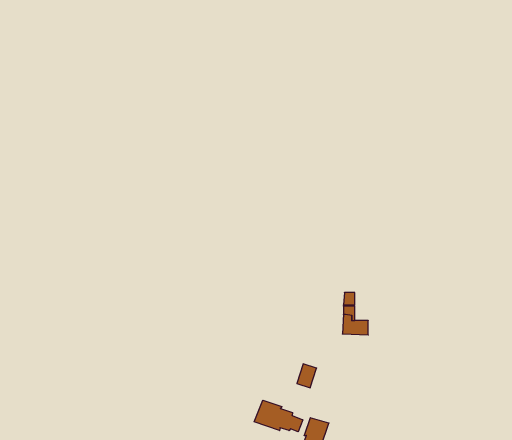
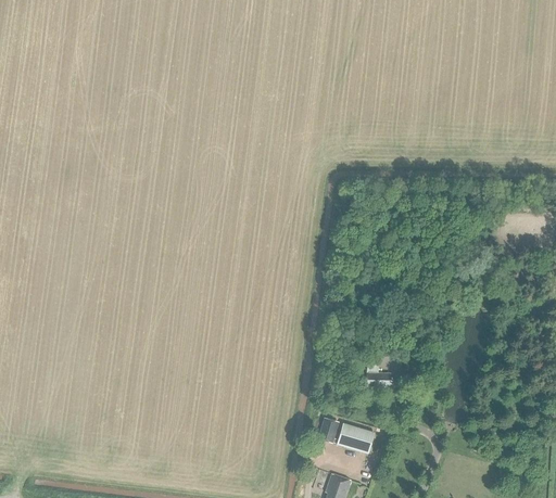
building: none -> [337,423,374,454]
building: [254,400,303,432] -> none

